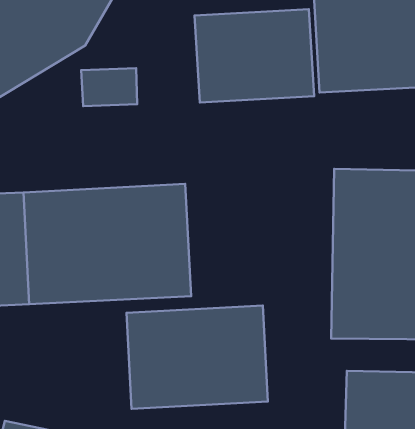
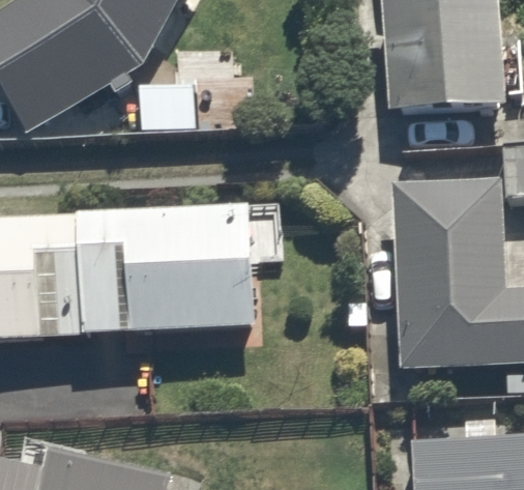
building: [195,9,314,103] -> none
building: [127,305,268,409] -> none

